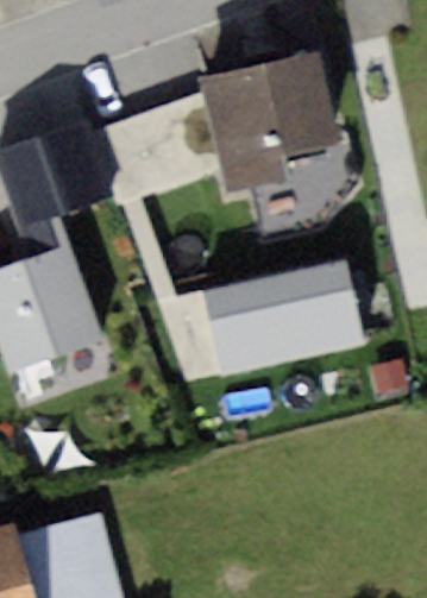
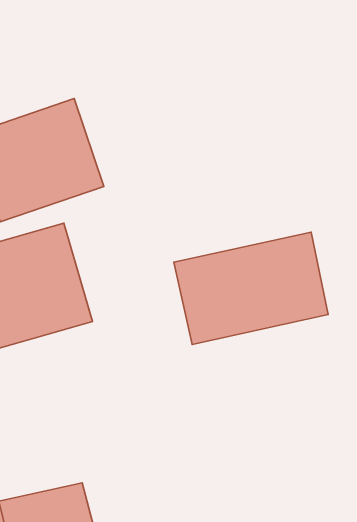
building: [203,65,334,199] -> none

